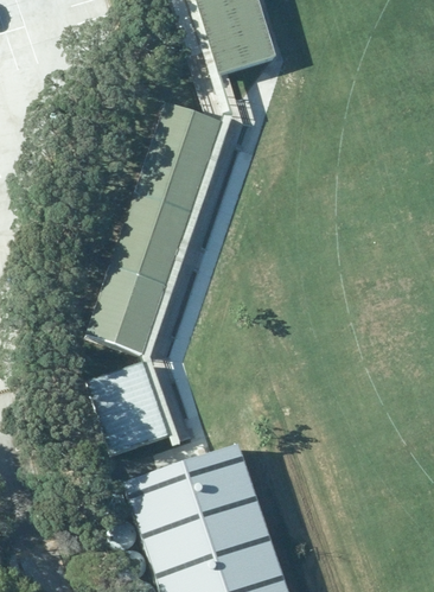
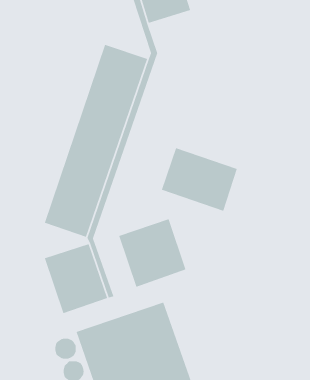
building: none -> [161,147,238,212]
building: none -> [118,218,186,288]

